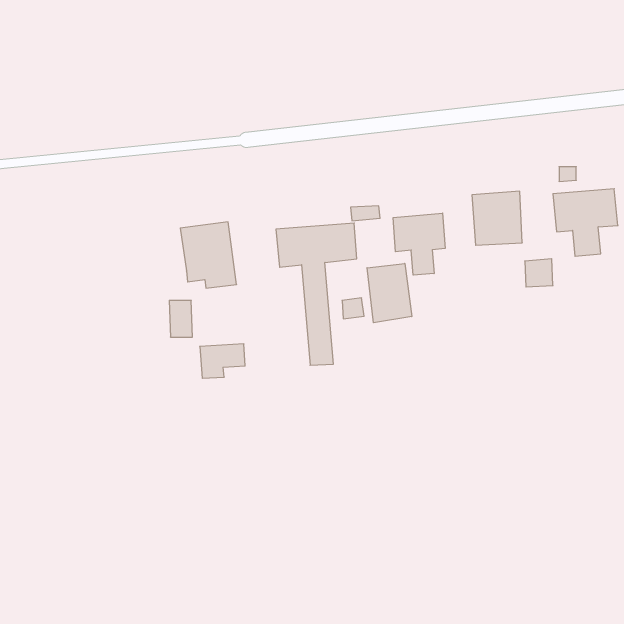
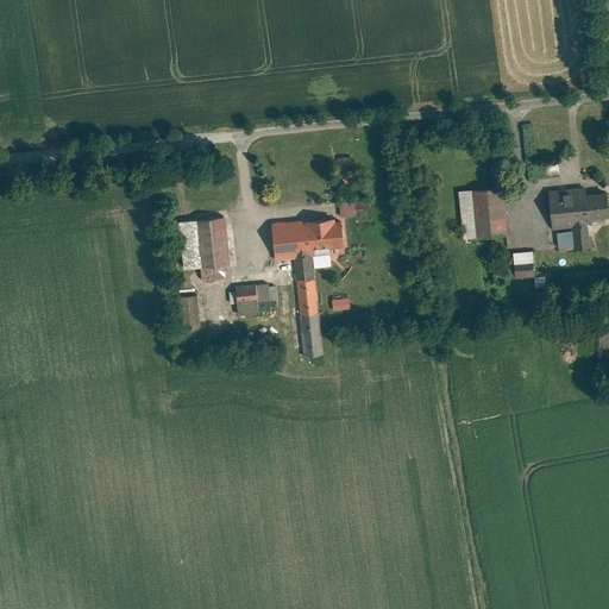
building: [393,213,445,275] -> none
building: [367,263,412,323] -> none
building: [200,344,245,378] -> [226,285,270,319]

